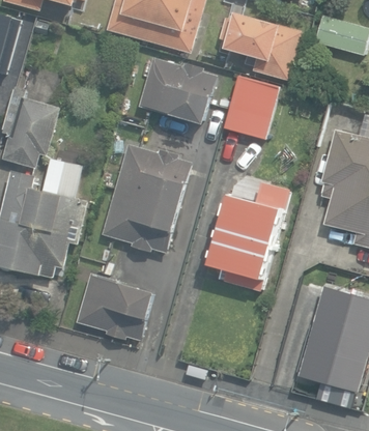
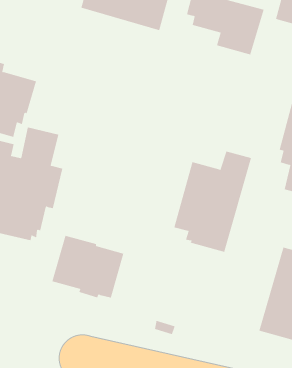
building: [137,56,217,124] -> none
building: [223,75,279,139] -> none
building: [100,142,191,252] -> none

